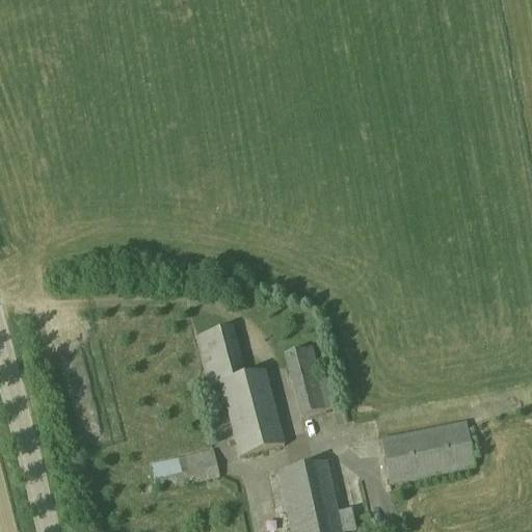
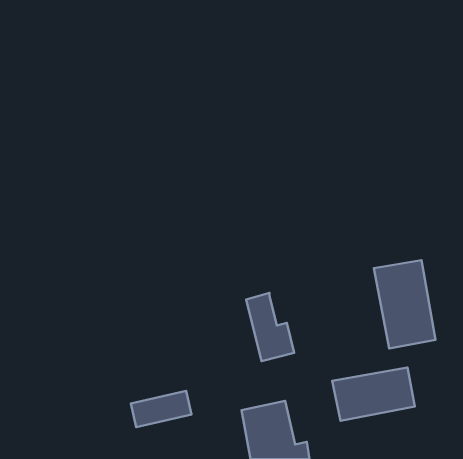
building: none -> [374,260,436,348]
building: [197,324,285,456] -> none

